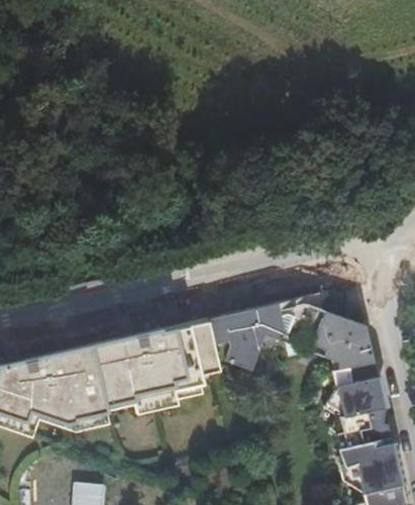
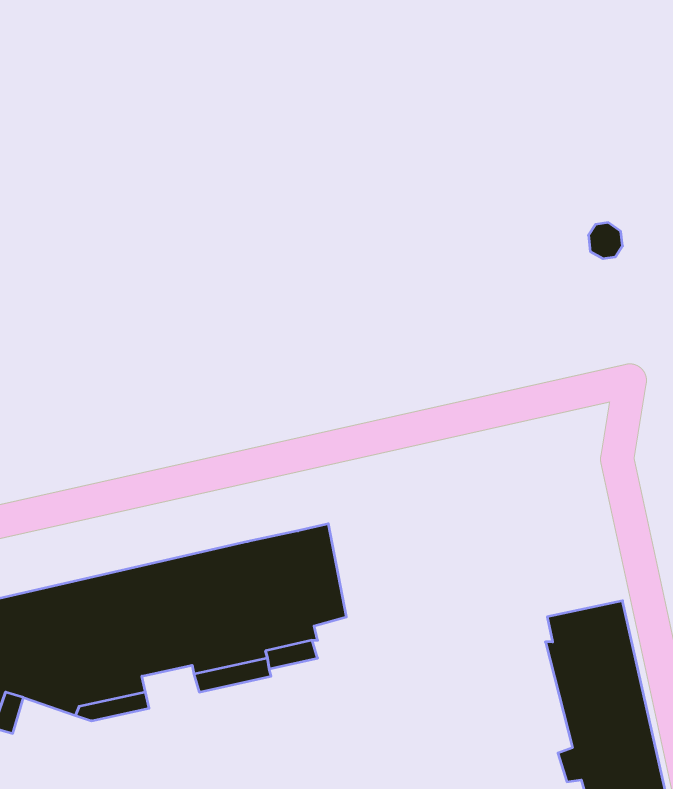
building: [210,290,376,389] -> none

